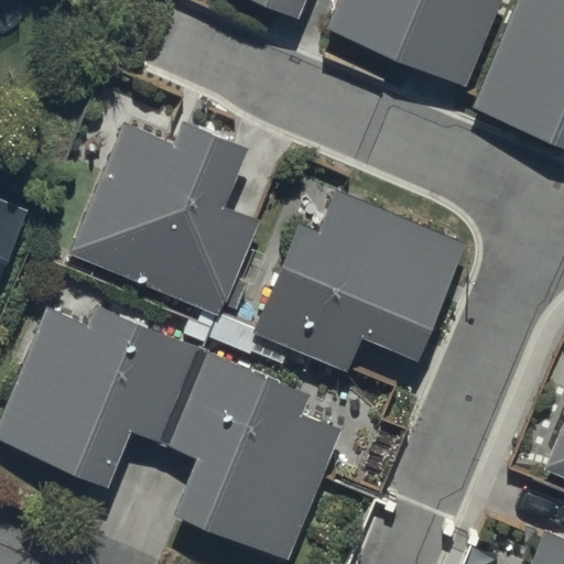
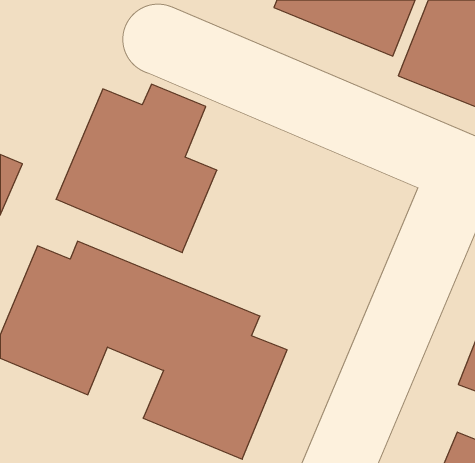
building: [252,191,463,369] -> none

